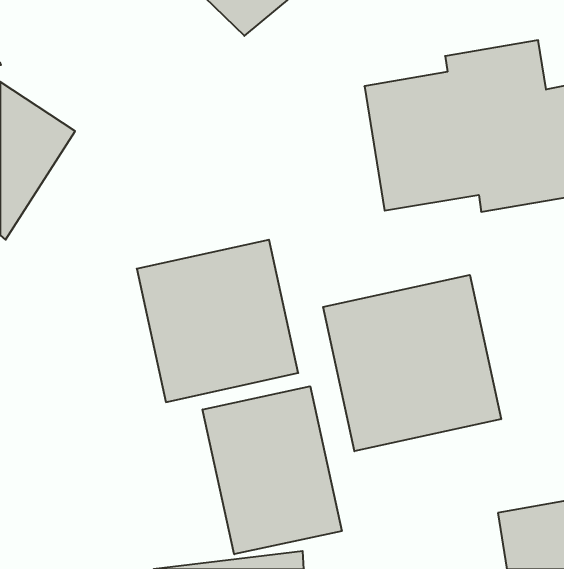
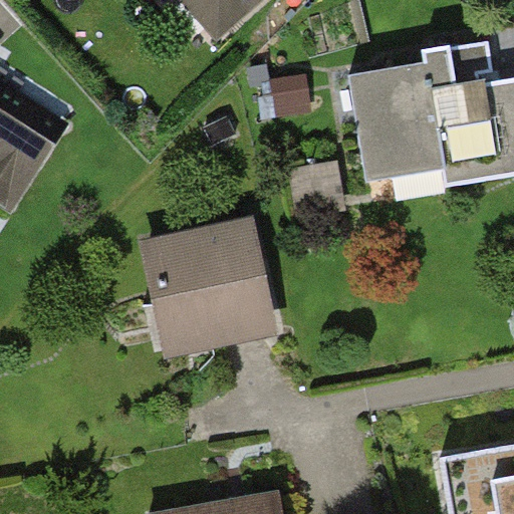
building: [323,275,501,451] -> none
building: [203,386,342,554] -> none

